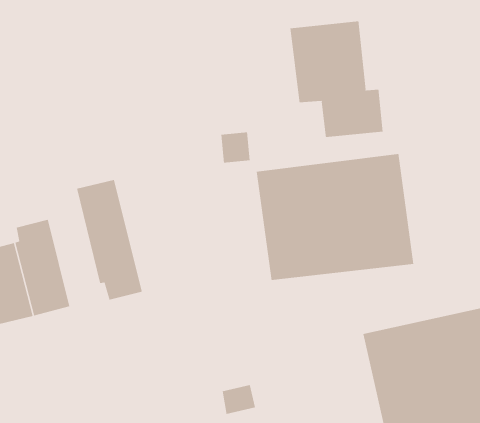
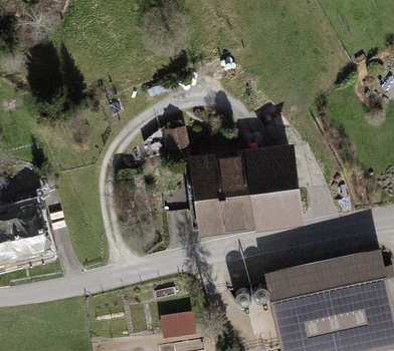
building: [290,20,383,138] -> none
building: [77,179,142,300] -> none

